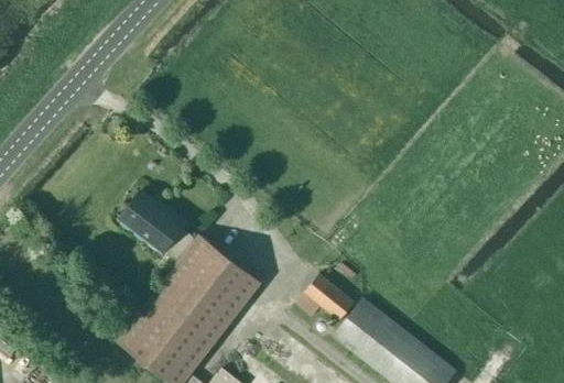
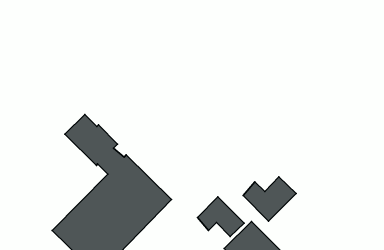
building: none -> [243,177,296,221]

